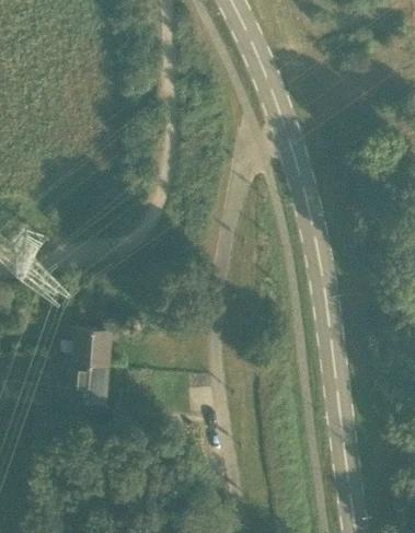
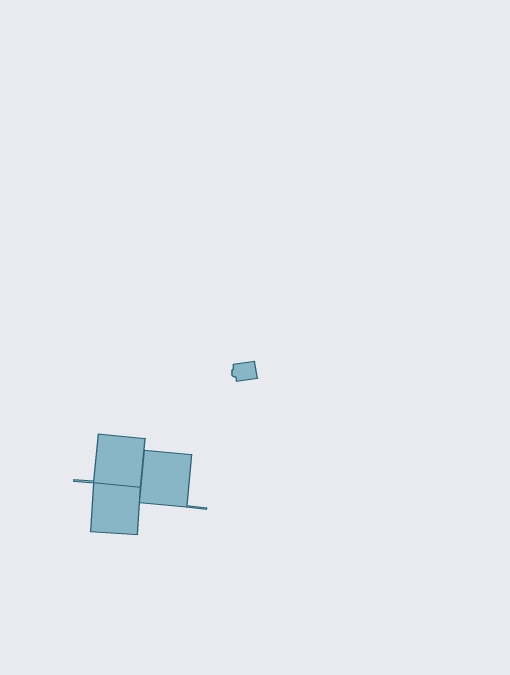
building: none -> [140,450,207,509]

